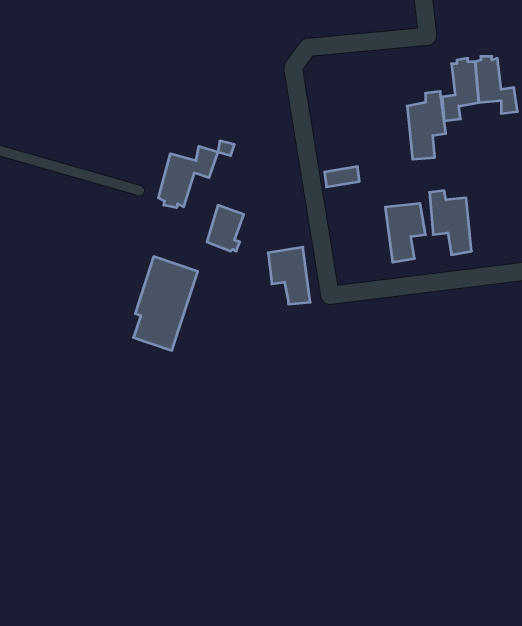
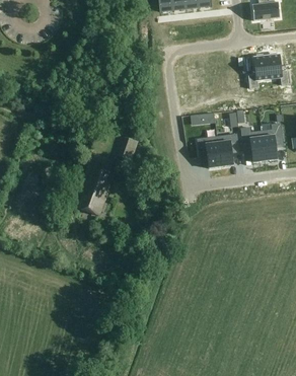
building: [407,91,446,159] -> [262,122,283,159]
building: [158,146,218,208] -> none
building: [268,247,310,304] -> [198,135,221,166]

